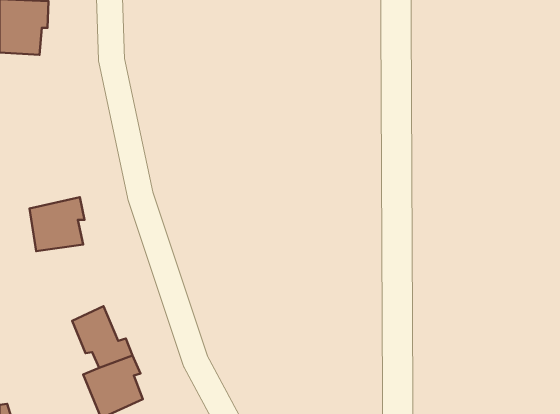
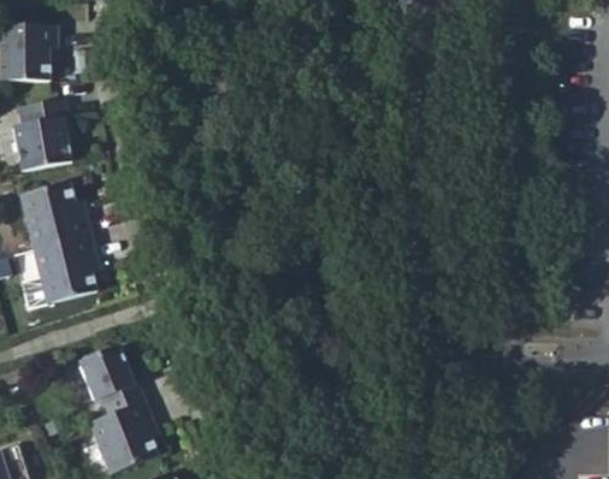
building: none -> [11,94,69,170]
building: none -> [25,187,89,247]

